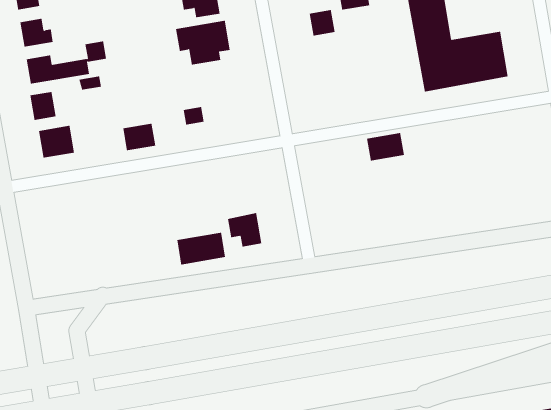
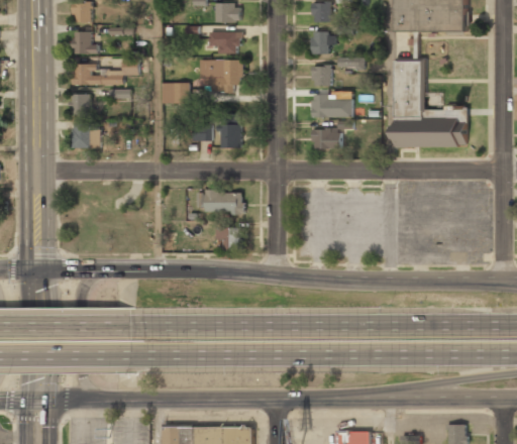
building: none -> [310,95,351,117]
building: none -> [219,116,240,148]
building: [122,123,156,151] -> [162,84,187,103]
building: [366,133,405,161] -> [311,129,340,148]
building: [176,232,226,265] -> [205,192,243,213]

